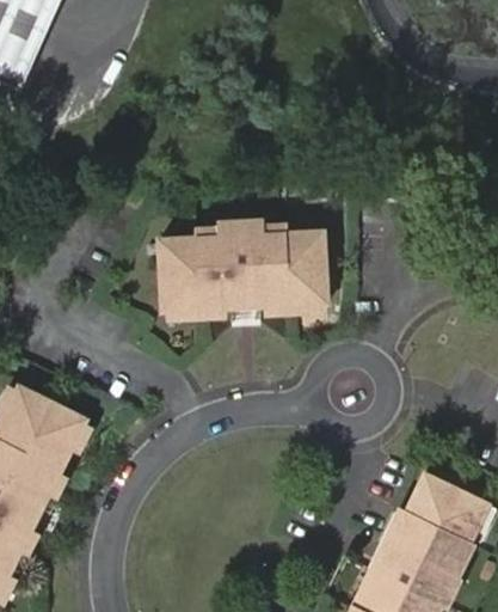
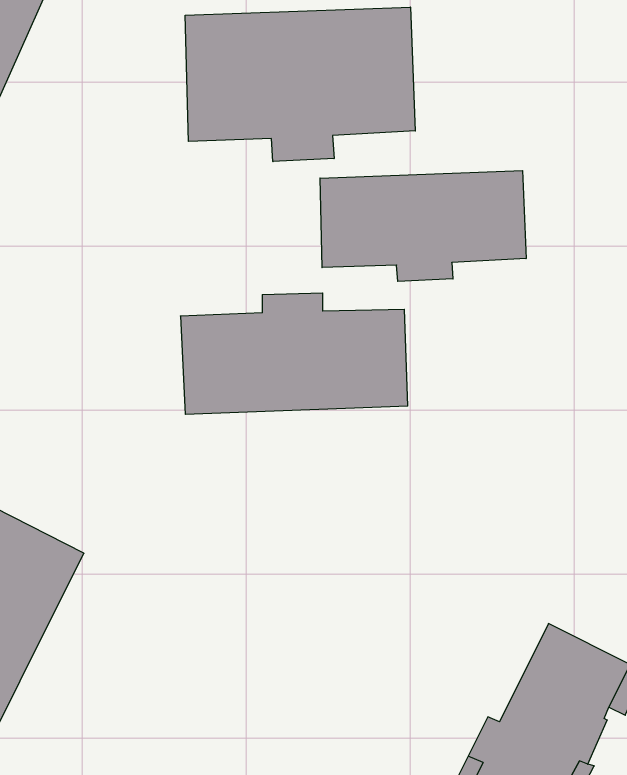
building: none -> [185,7,415,162]
building: none -> [320,171,526,281]

